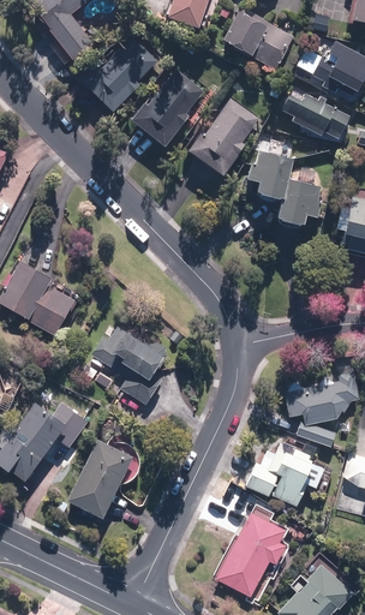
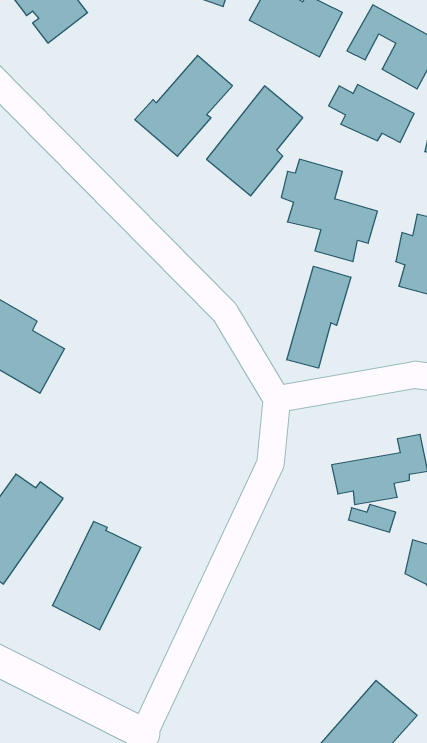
building: [77,35,161,113] -> none
building: none -> [287,266,351,368]
building: [91,332,164,402] -> none
building: [246,446,324,504] -> none
building: [217,502,288,593] -> none

